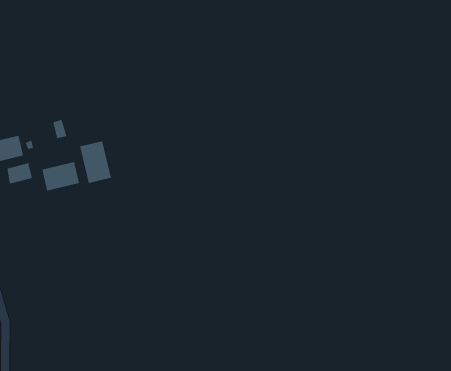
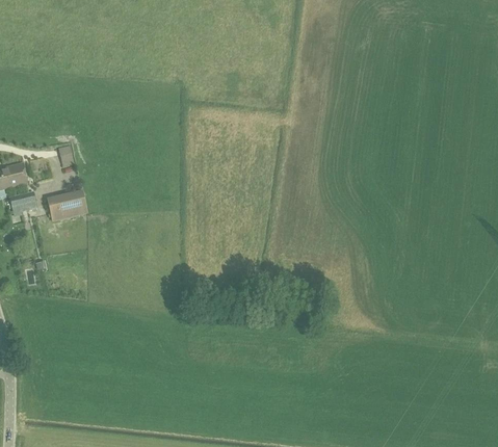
building: [80,140,111,184] -> none

